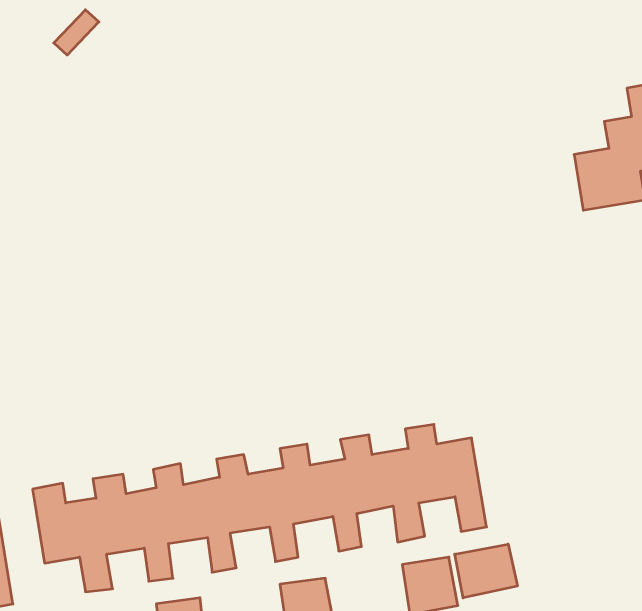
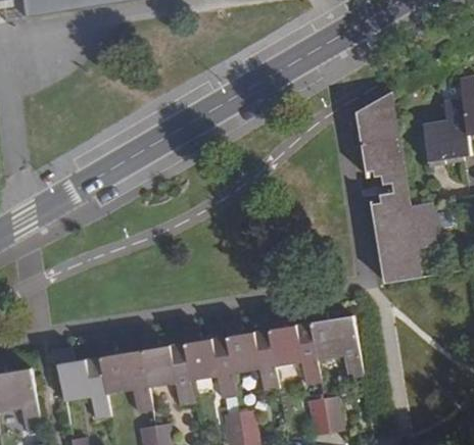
building: none -> [354,92,439,282]
building: [455,544,517,598] -> none

